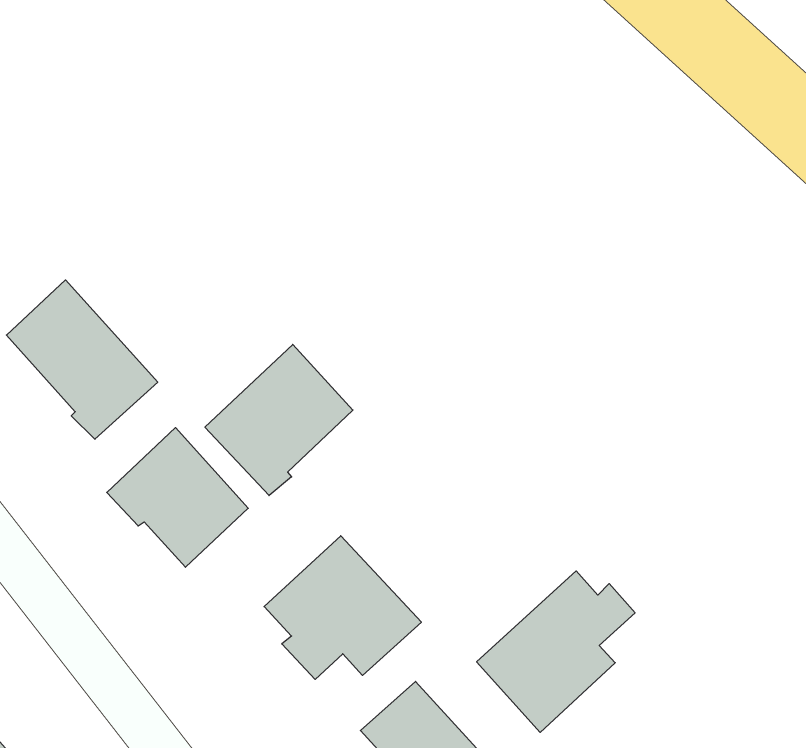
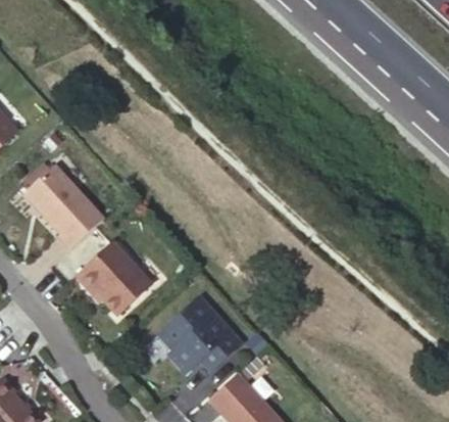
building: [205,344,353,496] -> none
building: [477,571,635,732] -> none

